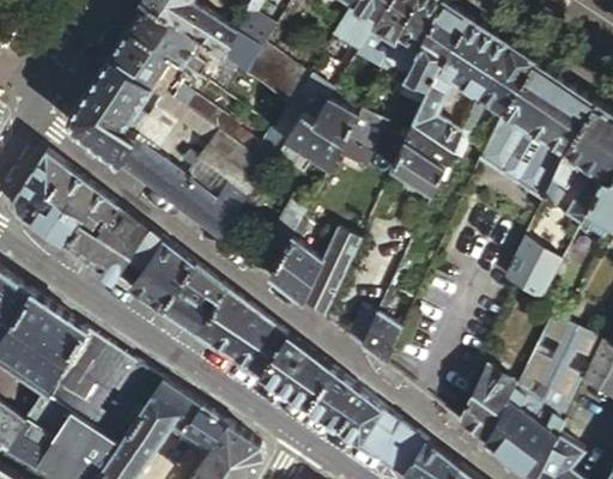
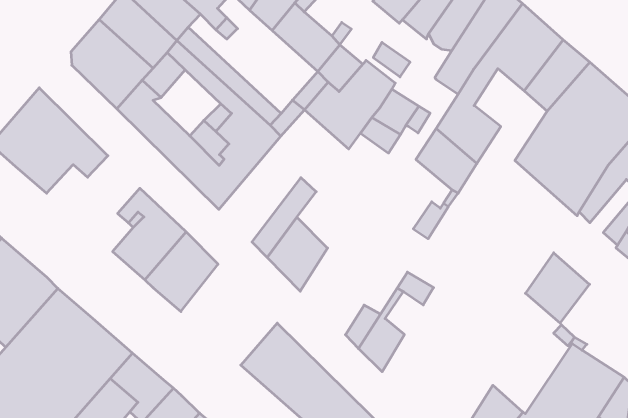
building: [65,205,147,280] -> none
building: [303,229,362,319] -> none
building: [199,289,286,376] -> none

